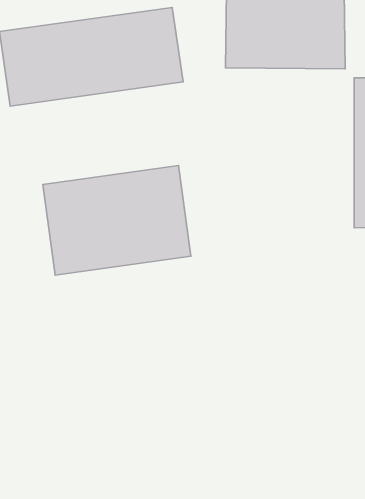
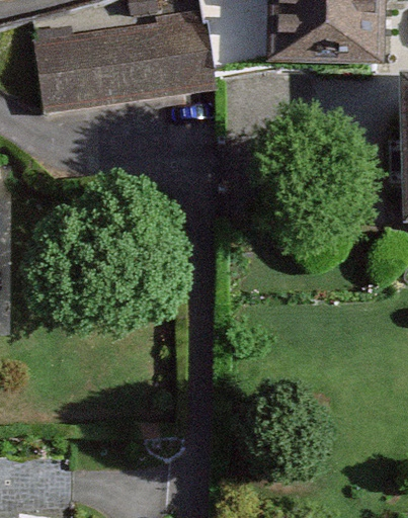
building: [43,165,191,275] -> none

